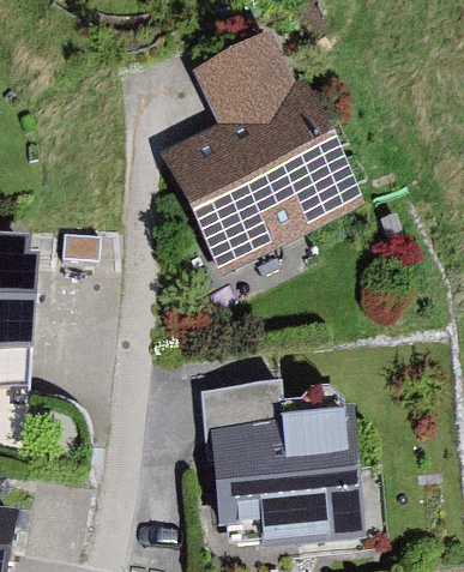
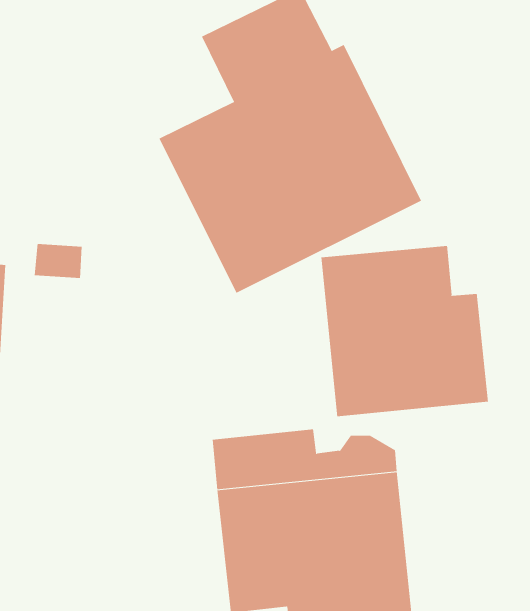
building: none -> [321,245,488,417]

